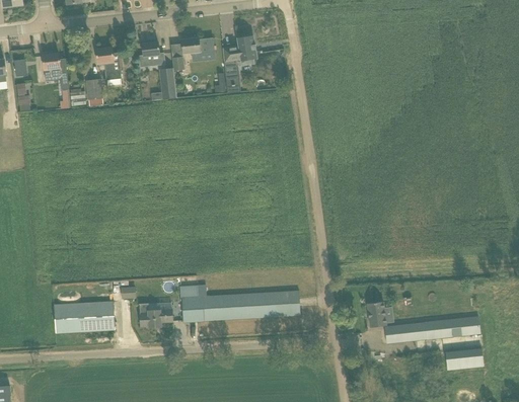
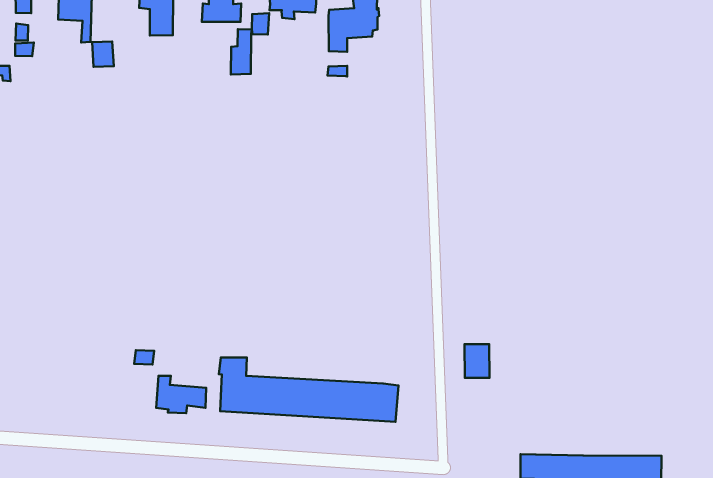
building: [85,79,102,105] -> none
building: [53,301,115,332] -> none
building: [366,302,385,326] -> [464,344,489,378]

